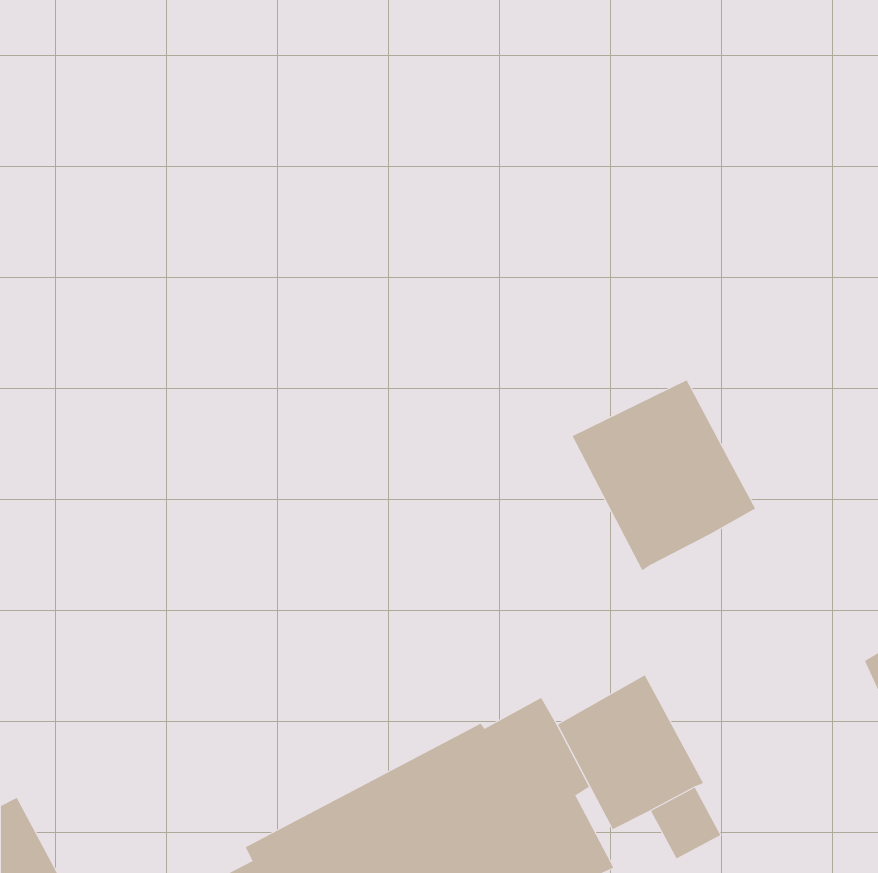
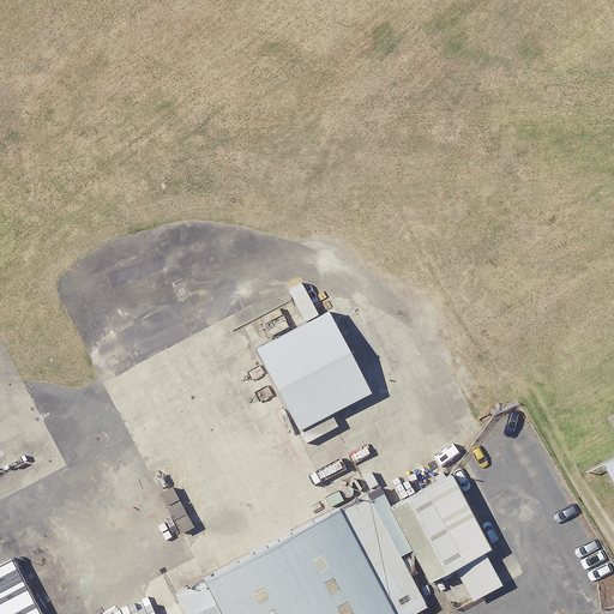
building: [572,379,756,571] -> none
building: none -> [257,313,372,447]

